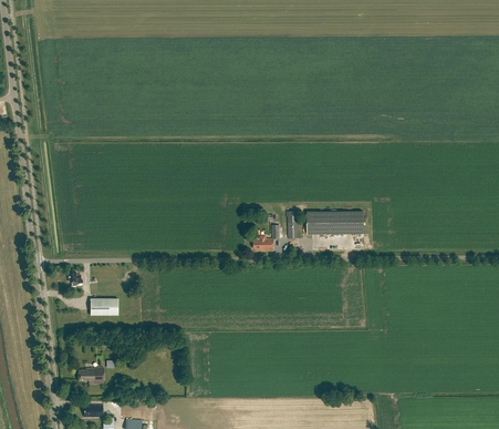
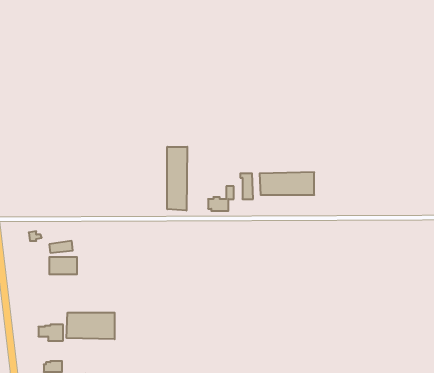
building: none -> [167,147,187,211]
building: none -> [67,313,115,339]

